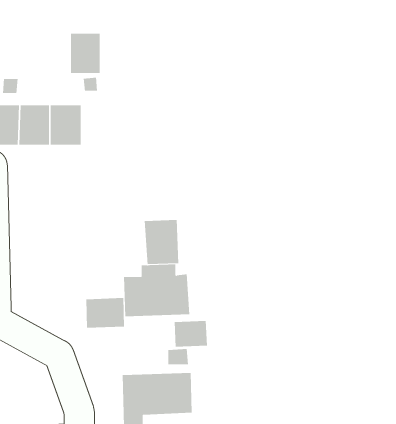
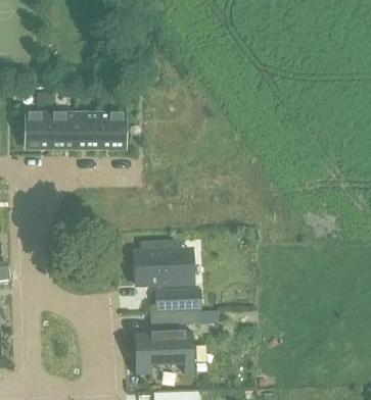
building: [70,33,101,74] -> [98,112,123,145]
building: [144,219,179,265] -> none
building: [86,297,125,329] -> none

